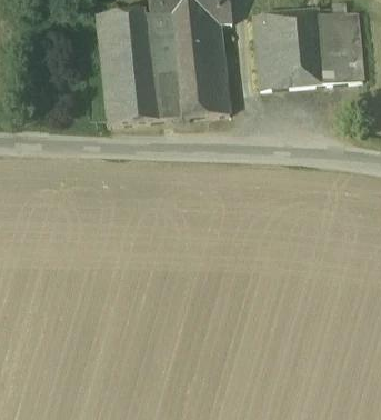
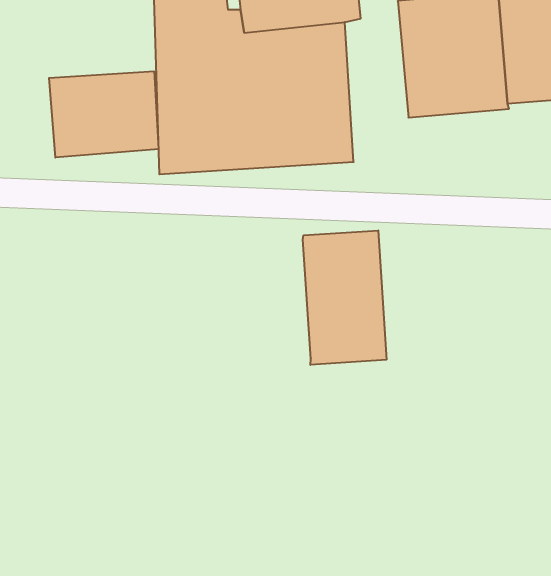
building: none -> [49,71,158,158]
building: none -> [303,230,386,365]

